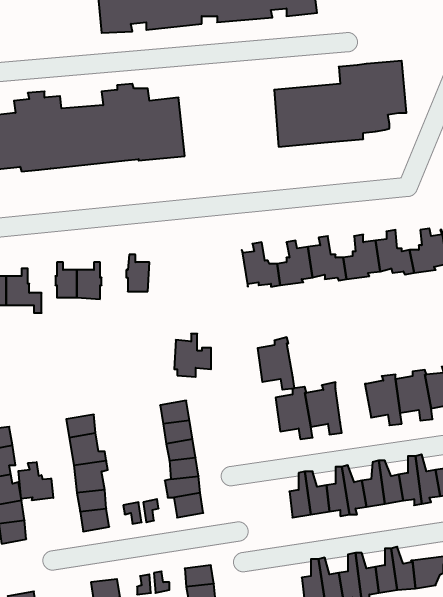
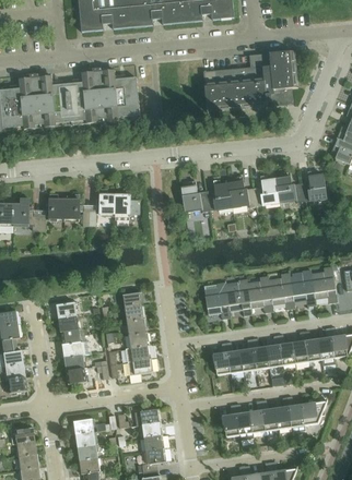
building: [174,334,211,377] -> [114,189,140,219]
building: [258,337,294,390] -> [247,275,273,312]
building: [18,462,53,500] -> none

